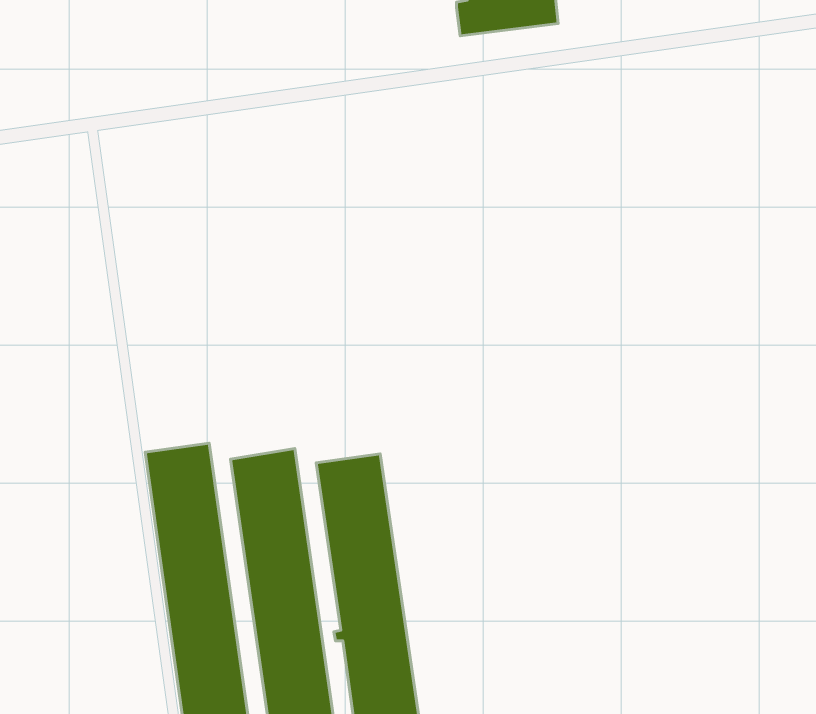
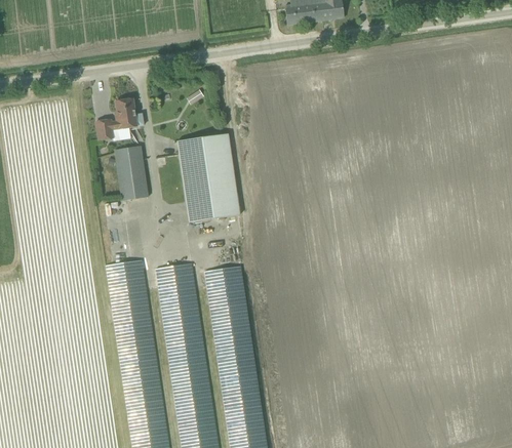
building: none -> [95,98,144,139]
building: none -> [176,133,240,221]
building: none -> [113,146,148,201]

